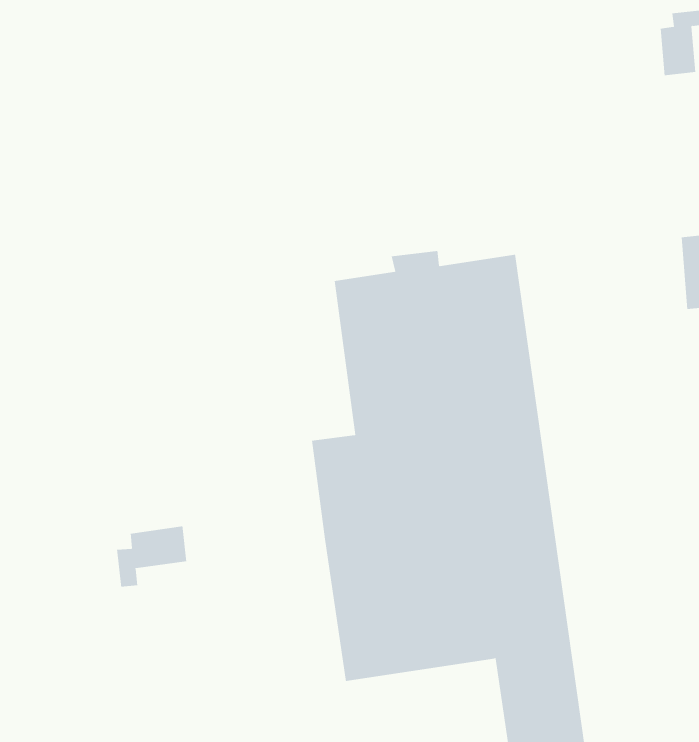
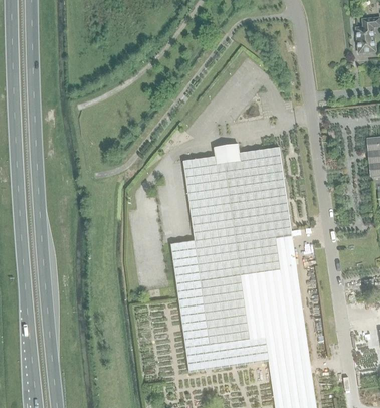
building: [116,526,187,588] -> none

